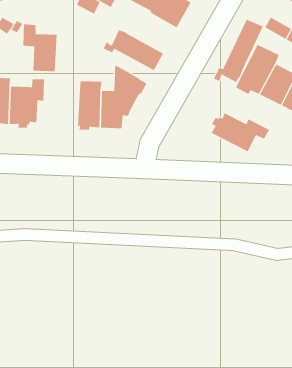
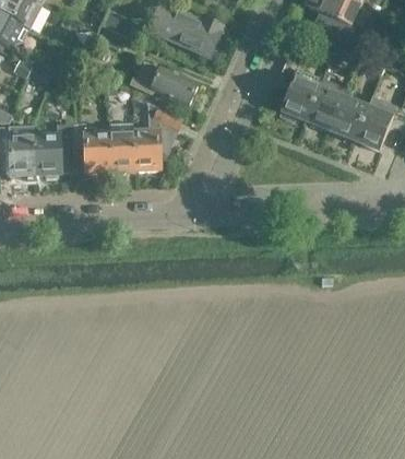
building: [213,19,264,83] -> none
building: [22,24,58,72] -> [71,122,110,173]
building: [211,112,270,152] -> none

